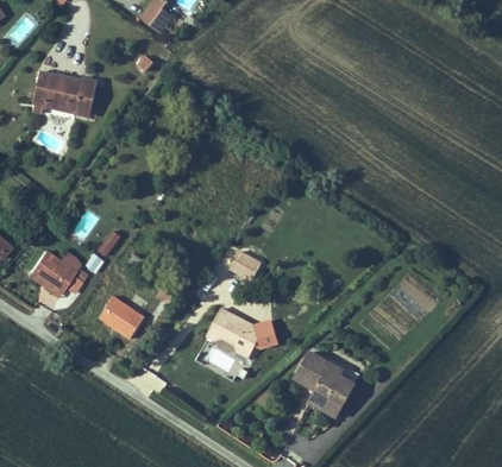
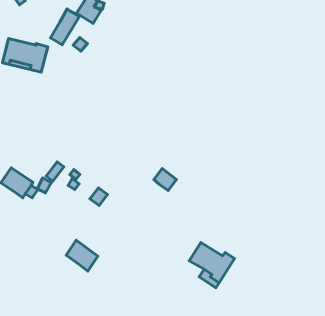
building: none -> [50,9,79,45]
building: [98,295,143,339] -> [66,240,98,271]
building: [212,304,261,349] -> none

